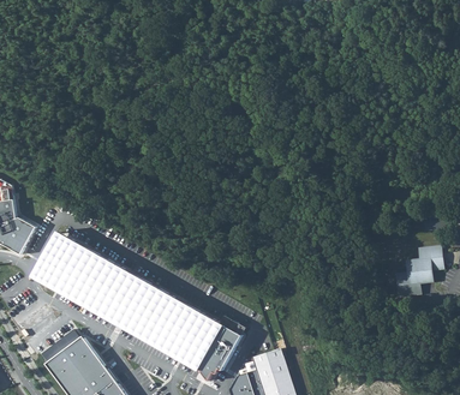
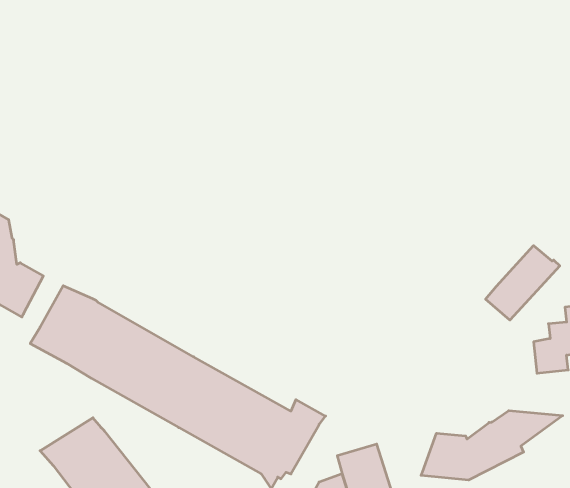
building: none -> [486,246,560,320]
building: none -> [421,411,563,480]

